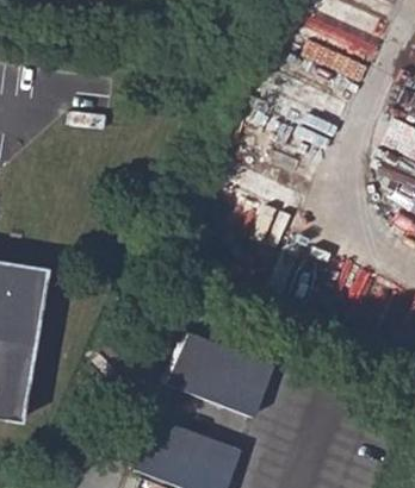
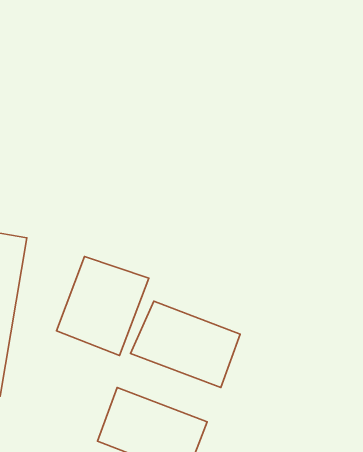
building: none -> [56,257,149,355]

